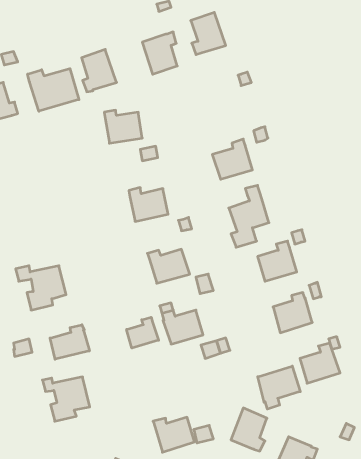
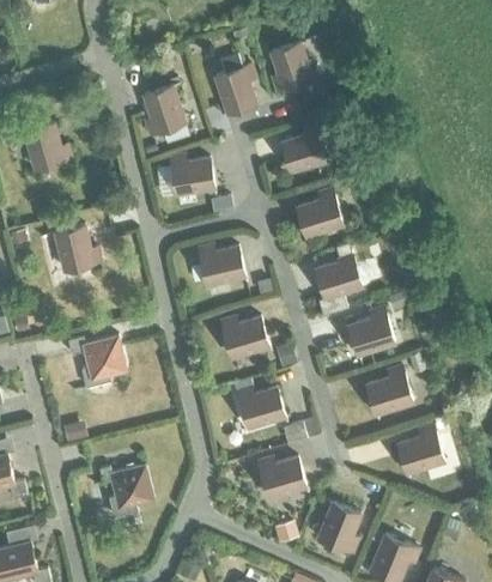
building: [28,69,79,111] -> none
building: none -> [281,125,328,171]
building: none -> [54,225,99,271]
building: [127,317,159,348] -> none
building: [50,325,89,359] -> none
building: [258,366,300,409] -> none
building: [153,417,194,452] -> [257,457,305,498]

